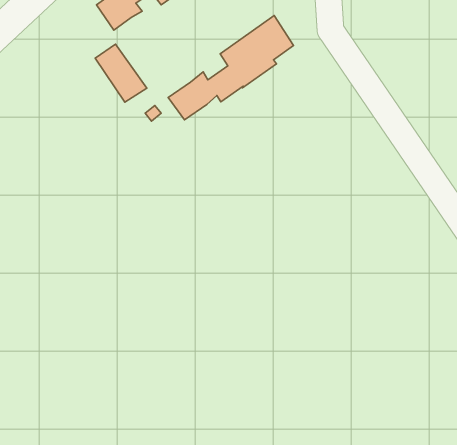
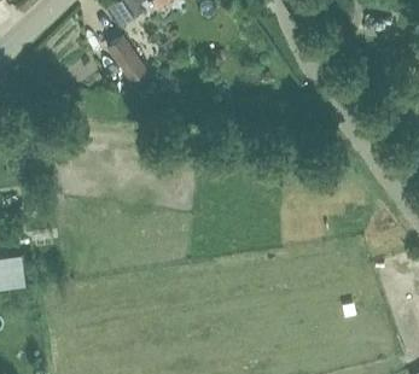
building: [168,16,293,120] -> none

